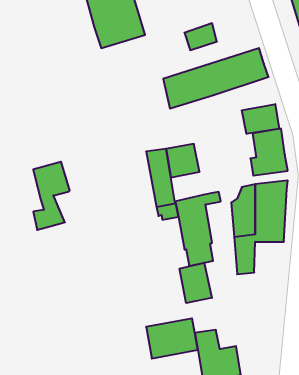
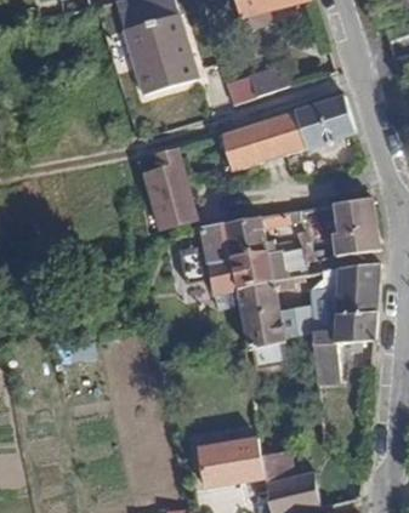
building: [242,104,279,134] -> none
building: [33,162,70,230] -> [142,148,188,234]
building: none -> [232,249,285,289]
building: [180,263,212,303] -> none

